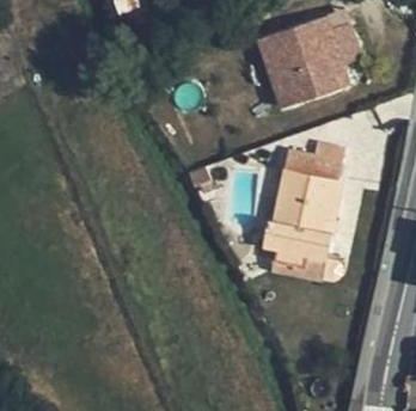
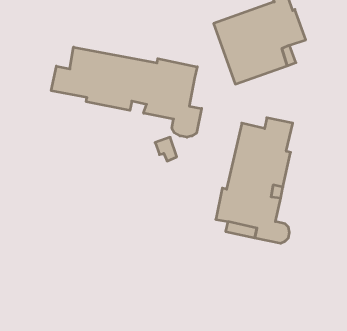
building: none -> [51,47,202,137]

